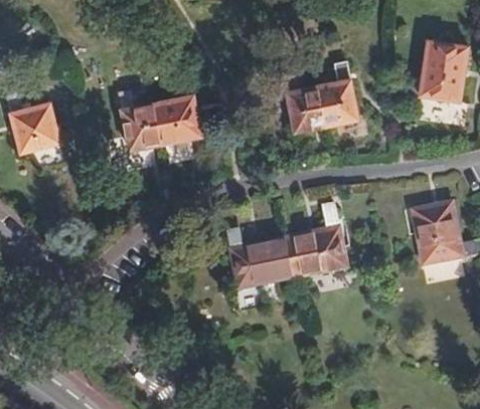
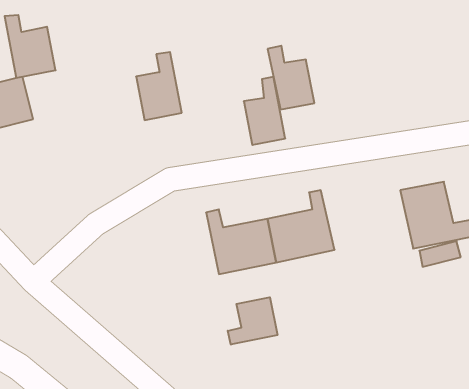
building: [403,41,469,103] -> none
building: [319,63,358,128] -> [244,77,285,145]
building: [118,91,166,151] -> [5,15,56,78]
building: none -> [228,297,277,345]

